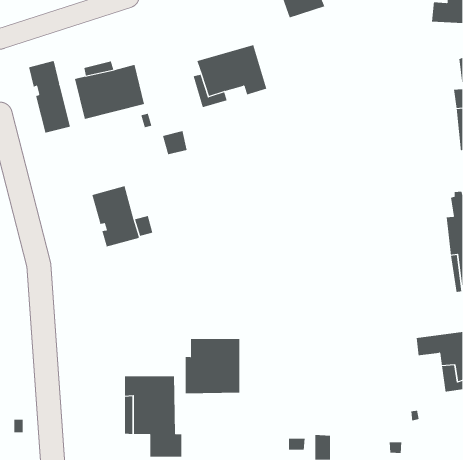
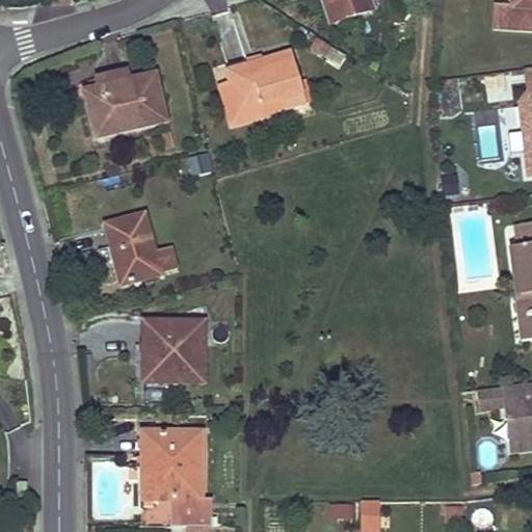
building: [28,60,70,134] -> none
building: [185,338,240,394] -> [141,319,205,382]

